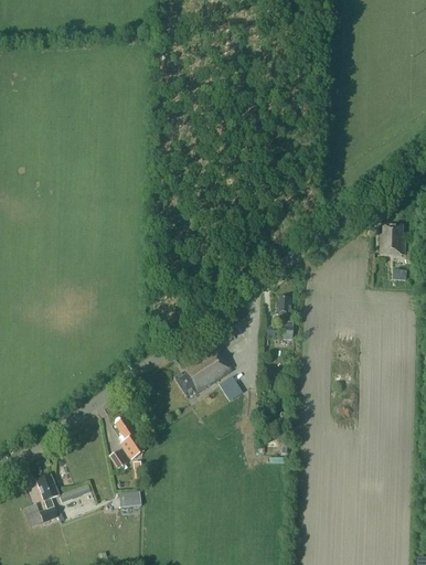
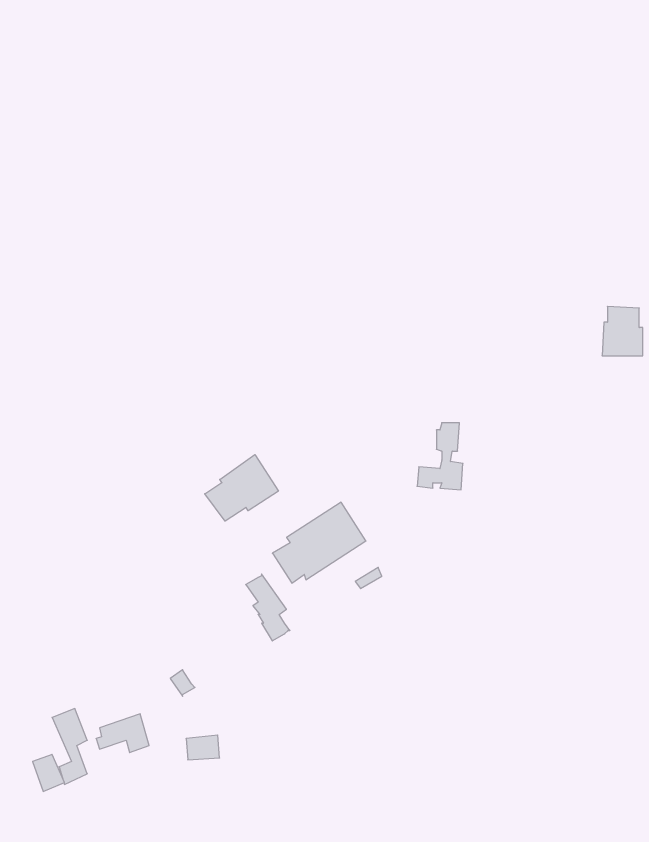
building: none -> [205,455,278,521]
building: [114,417,141,459] -> [246,574,290,641]

